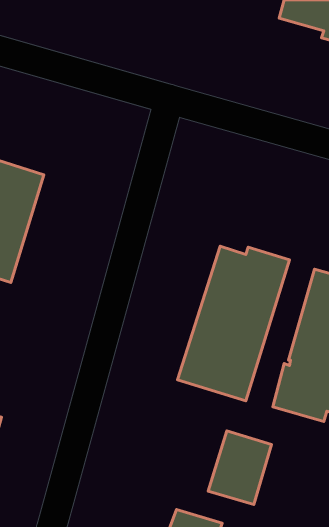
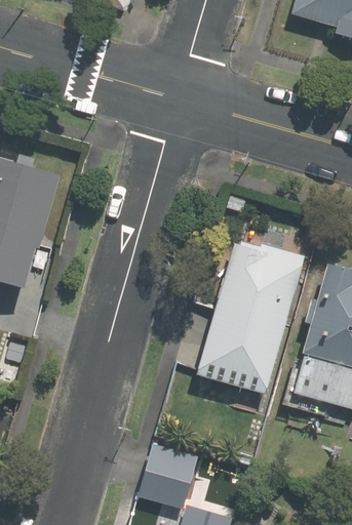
building: [208,431,271,505] -> [139,437,201,510]

